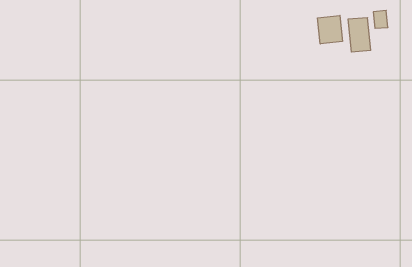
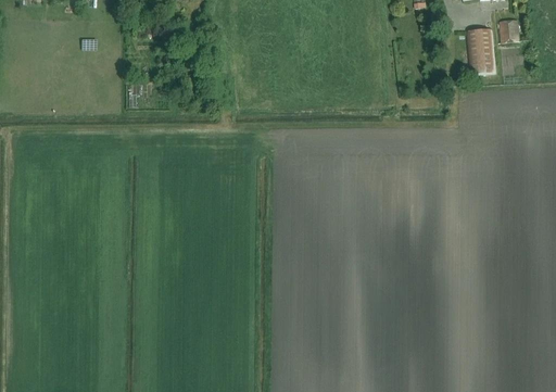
building: [318,15,342,44] -> none

